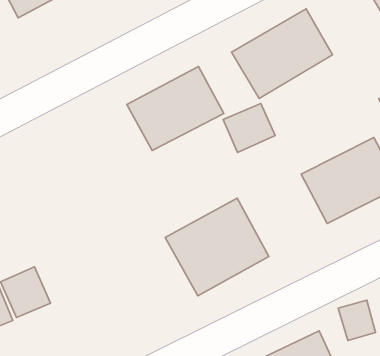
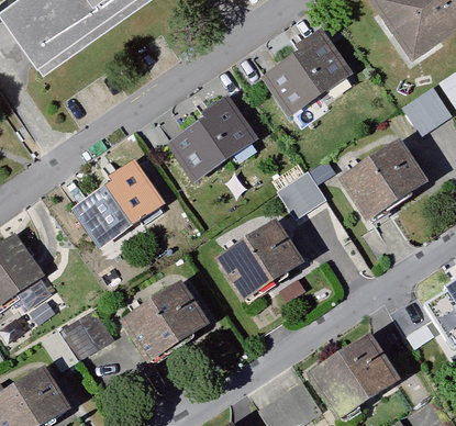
building: [223,104,275,152] -> [277,169,329,218]
building: none -> [67,156,170,250]
building: none -> [118,281,215,372]

